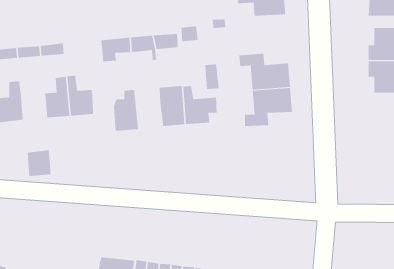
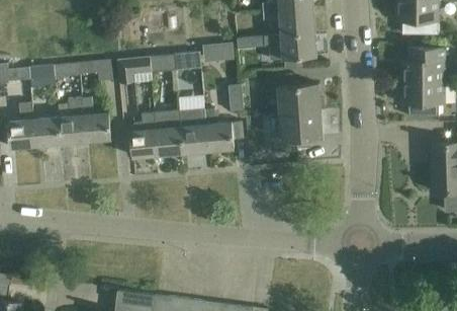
building: none -> [264,32,316,60]
building: none -> [78,60,113,81]
building: none -> [154,110,183,155]
building: [27,150,51,176] -> [33,116,60,145]

